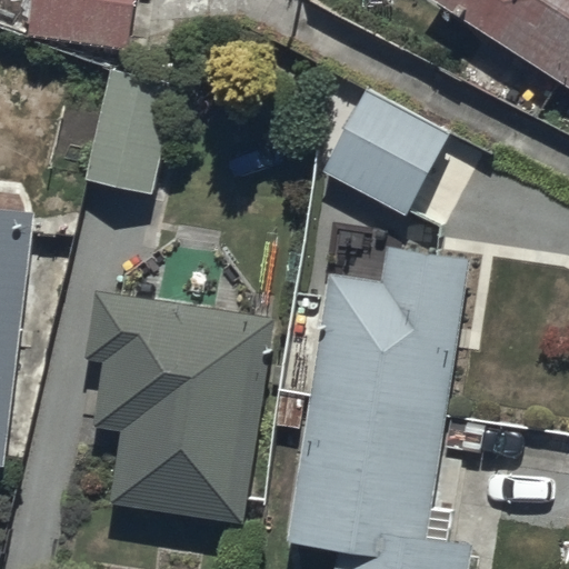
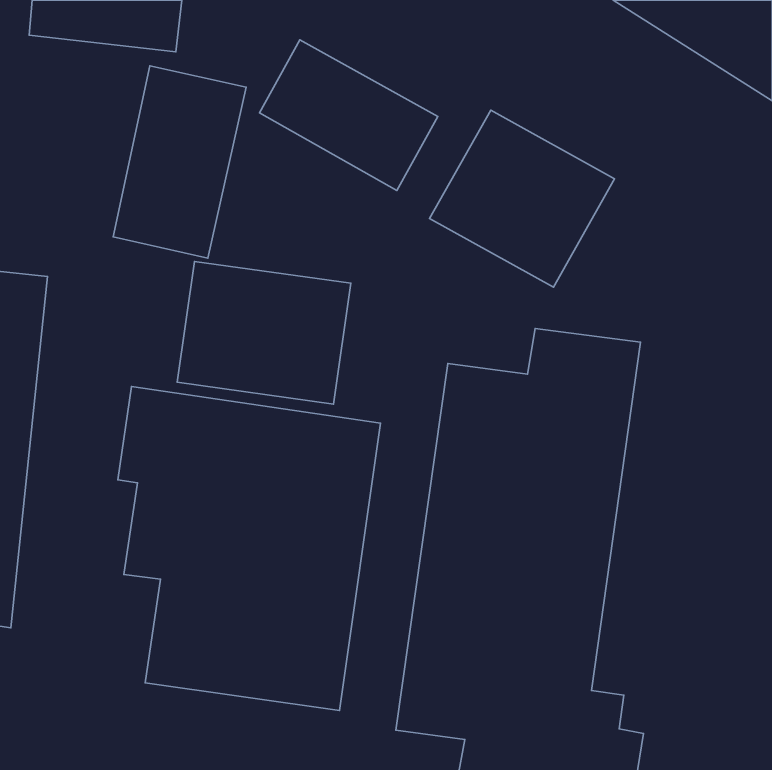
building: none -> [260,40,438,190]
building: none -> [177,261,351,404]

